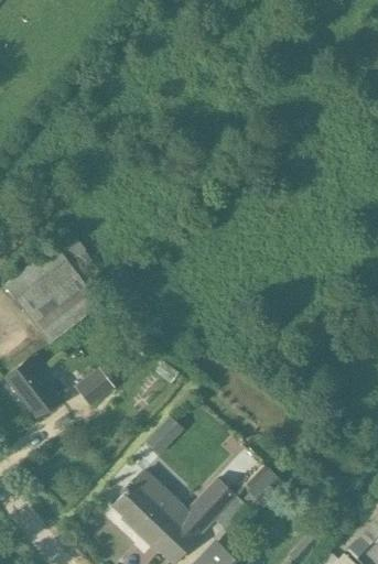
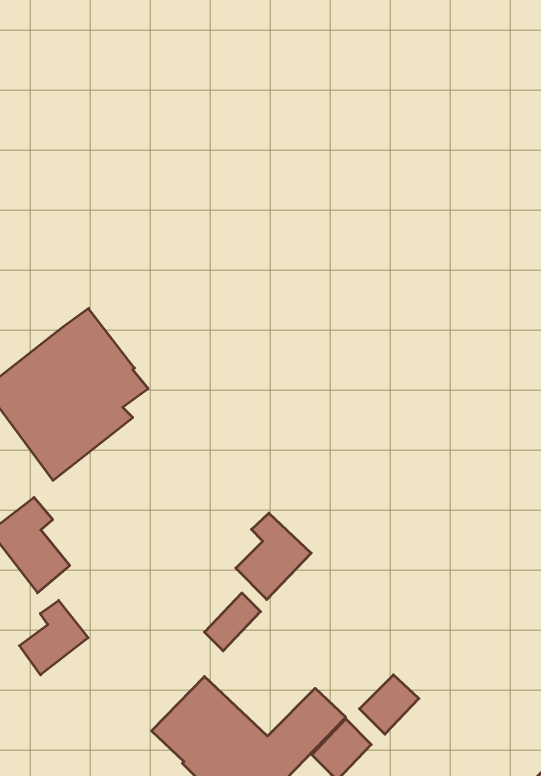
building: none -> [236,513,311,600]
building: [74,368,115,406] -> none
building: none -> [19,600,88,675]

